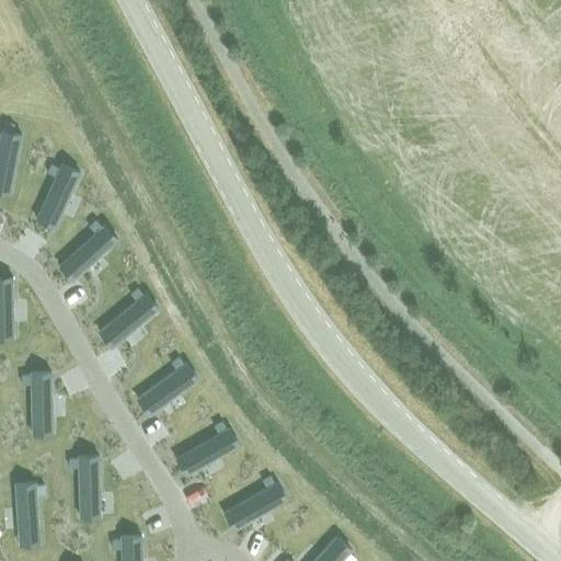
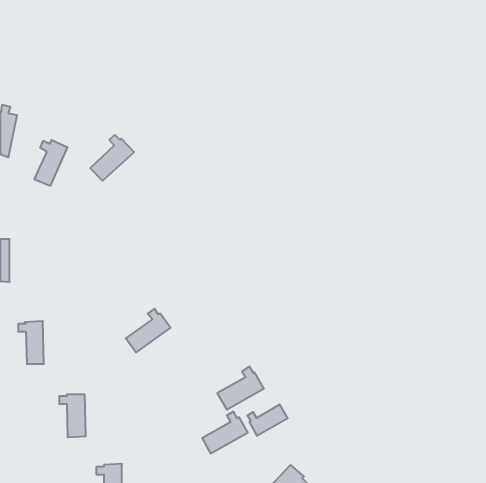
building: [67,222,117,275] -> [90,135,134,181]
building: [107,289,158,342] -> none
building: [185,422,239,471] -> [217,367,264,409]
building: none -> [247,404,288,436]
building: [14,485,45,535] -> none

